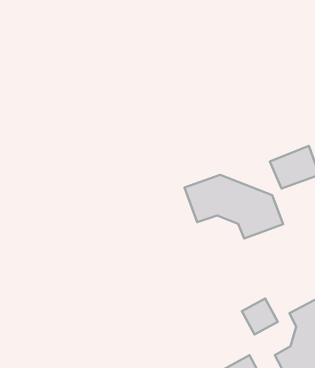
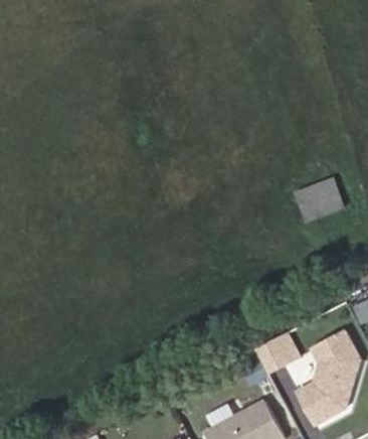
building: [184,175,283,239] -> none

